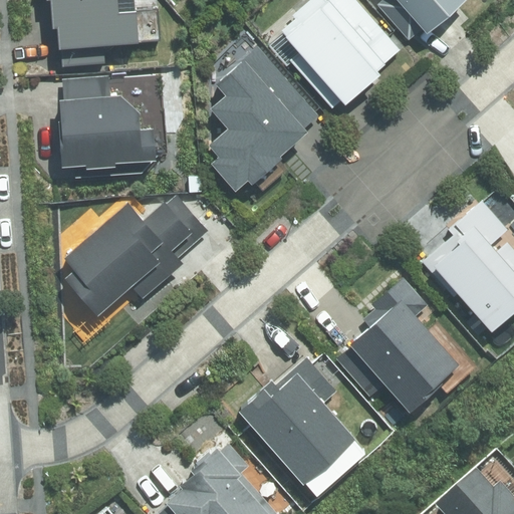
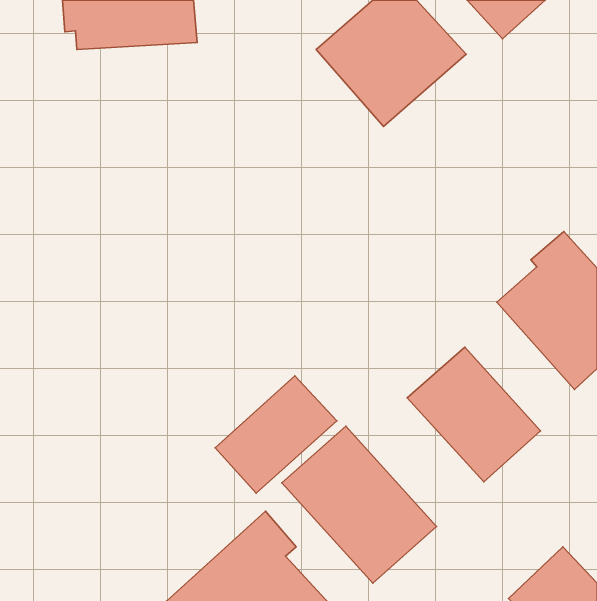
building: [205,45,315,194] -> none
building: [53,74,168,167] -> none
building: [65,191,208,312] -> none
building: none -> [215,376,337,493]

